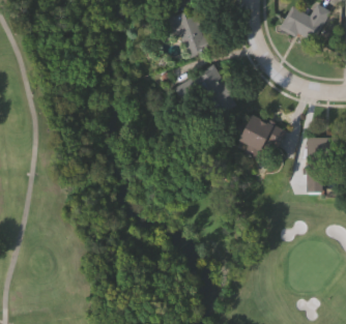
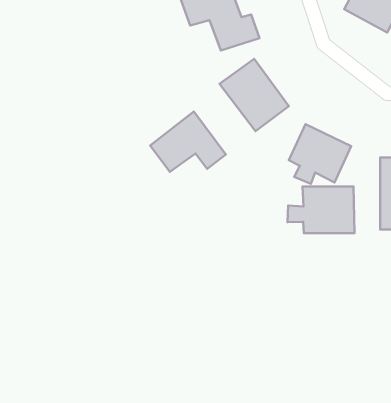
building: none -> [150,111,226,172]
building: none -> [287,187,355,233]

